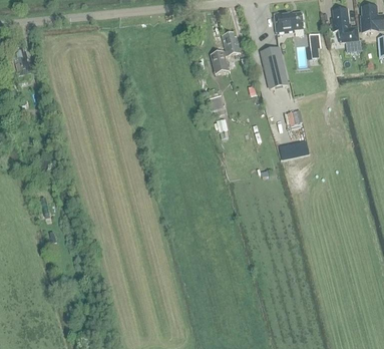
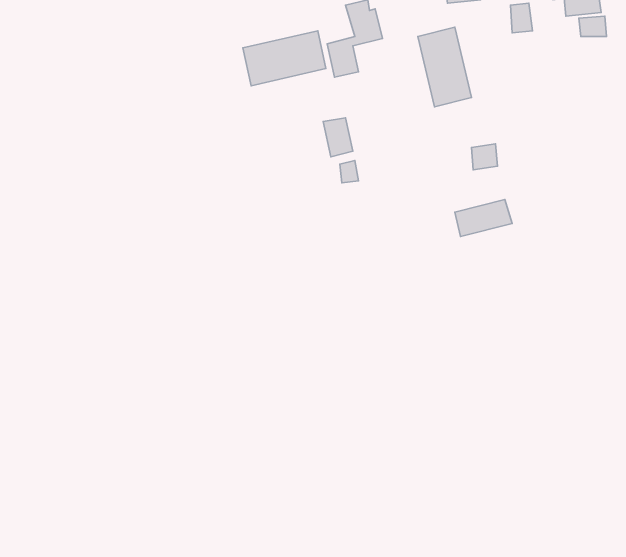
building: none -> [243,31,326,86]

